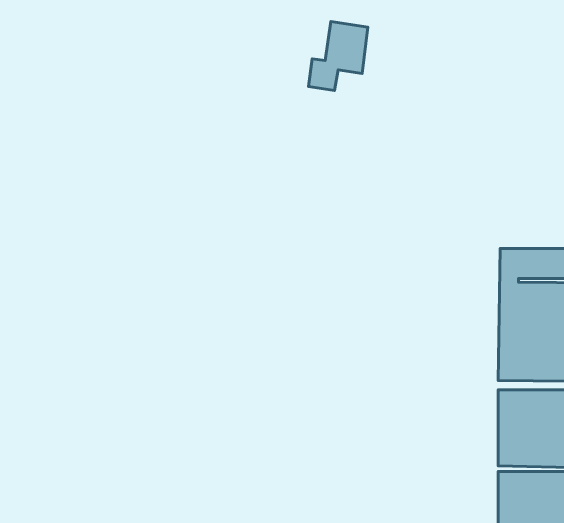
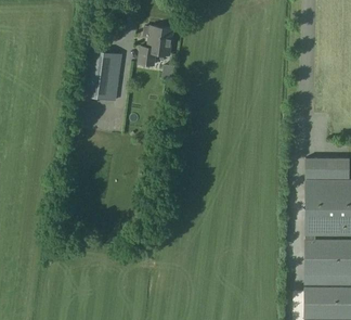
building: [308,22,368,90] -> [139,25,173,65]
building: none -> [79,49,122,100]

